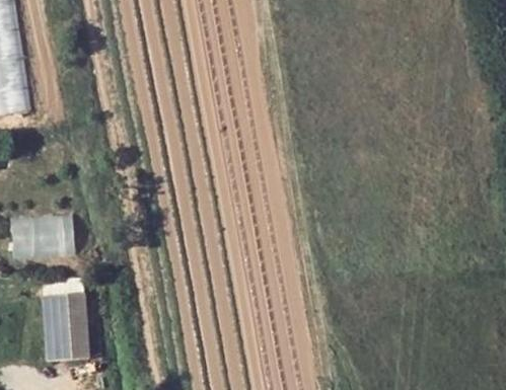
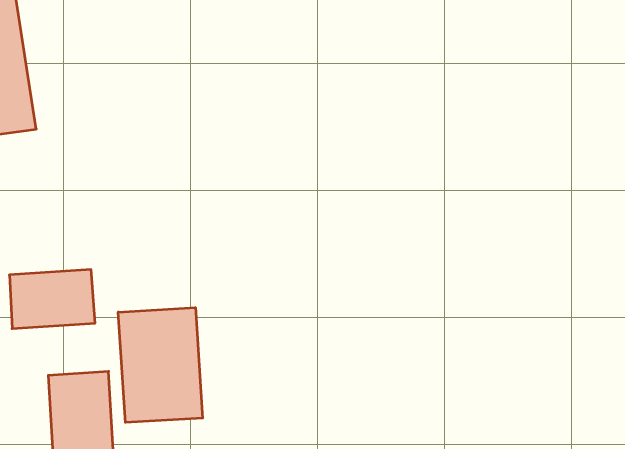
building: none -> [118,308,203,422]

